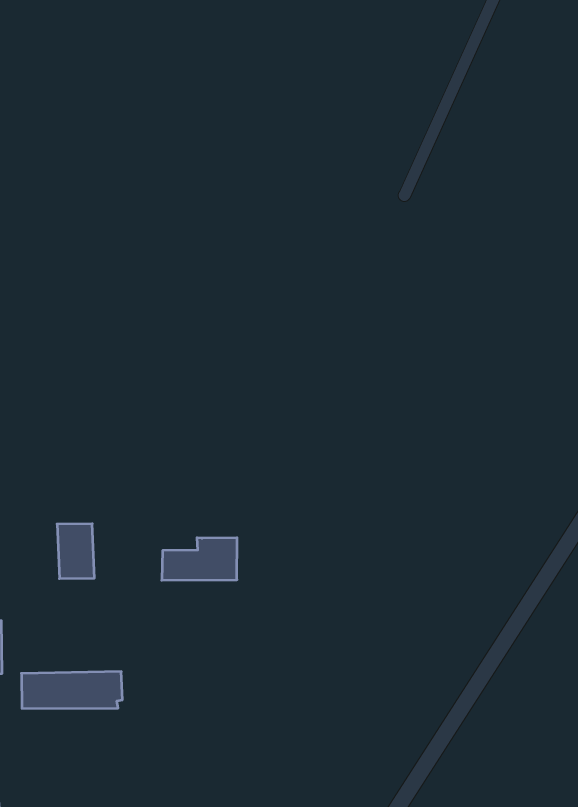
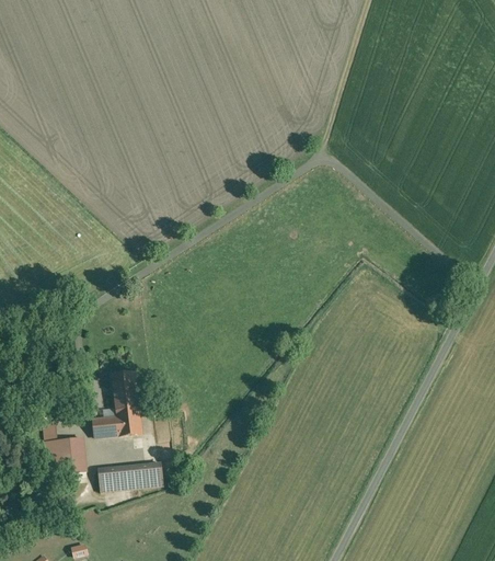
building: [162,538,237,580] -> [93,405,141,436]

